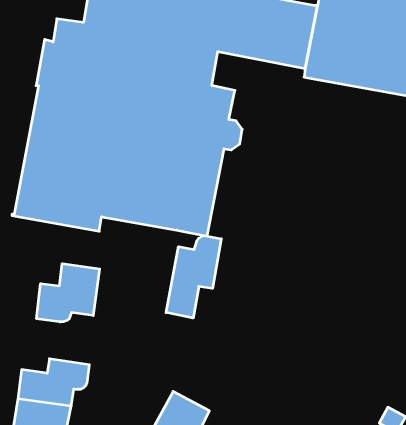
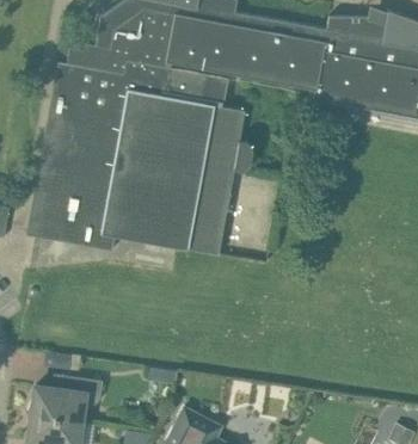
building: [166,236,221,318] -> none
building: [37,264,100,322] -> none

